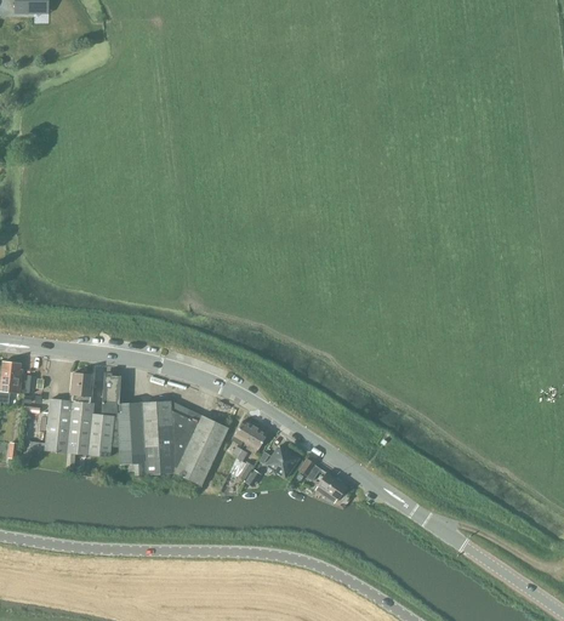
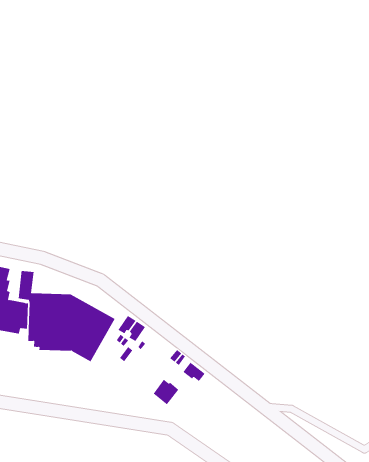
building: [266,445,298,478] -> [153,379,179,405]

